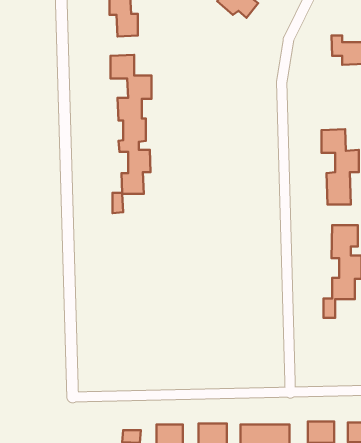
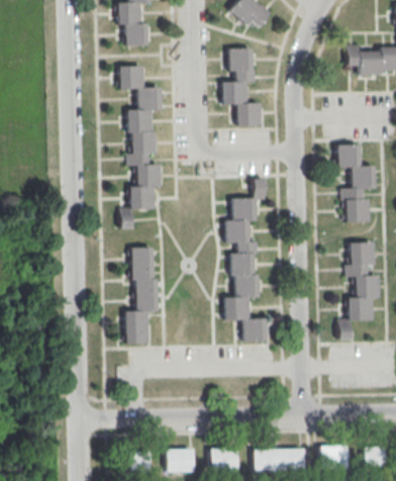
building: none -> [222,47,261,125]
building: none -> [225,179,268,342]
building: none -> [125,247,157,344]

